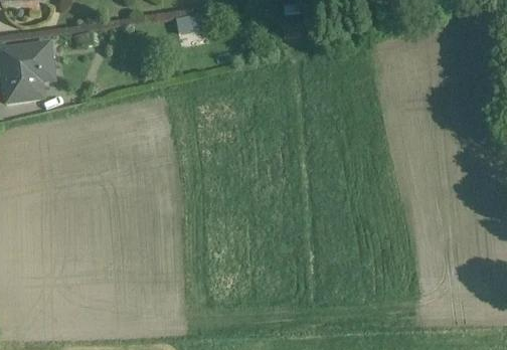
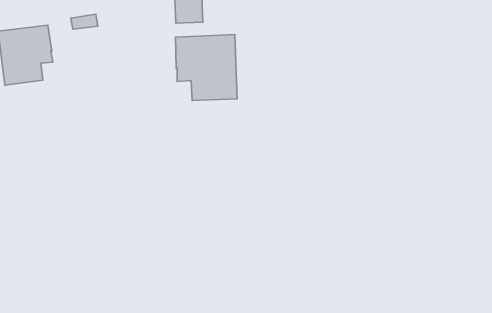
building: none -> [176,34,237,101]

